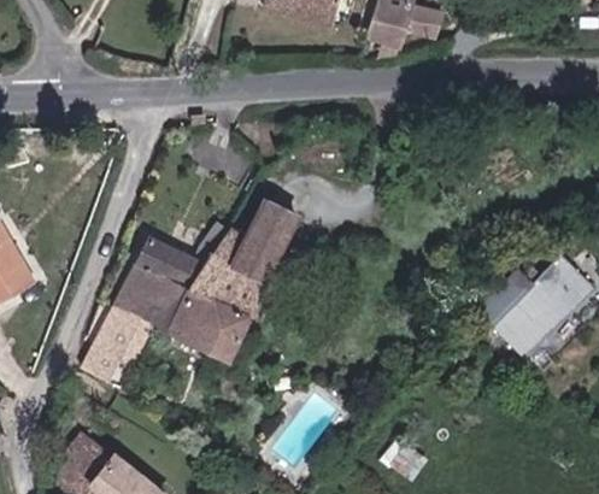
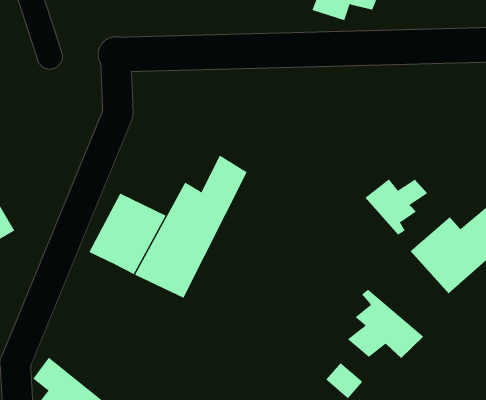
building: none -> [364,178,428,236]
building: [86,307,145,381] -> none
building: none -> [347,289,424,359]

